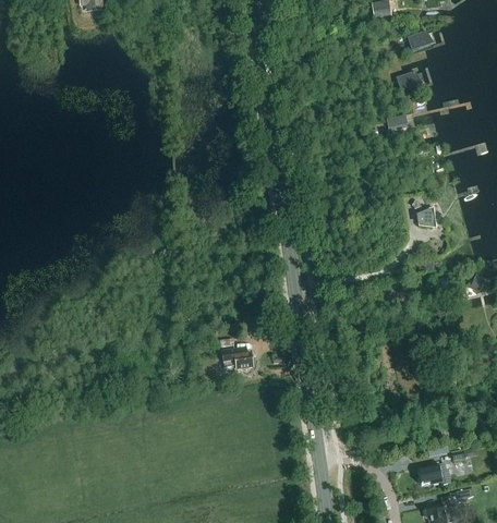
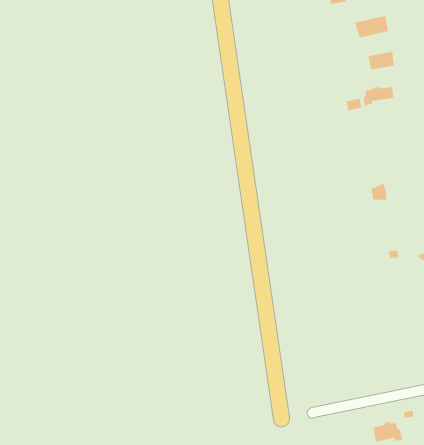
building: none -> [363,86,394,106]
building: [222,348,254,369] -> none

